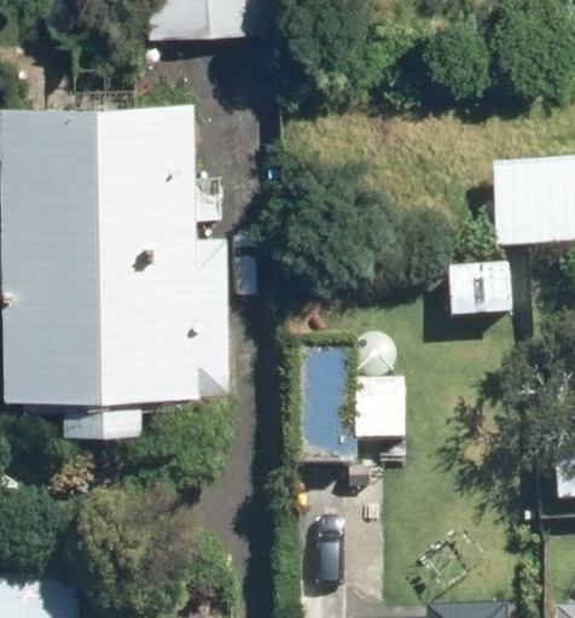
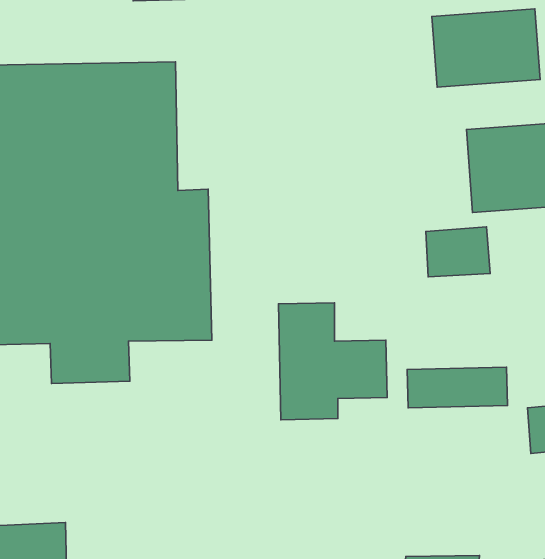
building: none -> [432,9,540,87]

